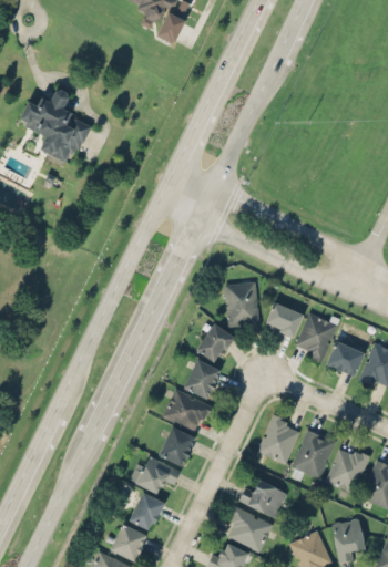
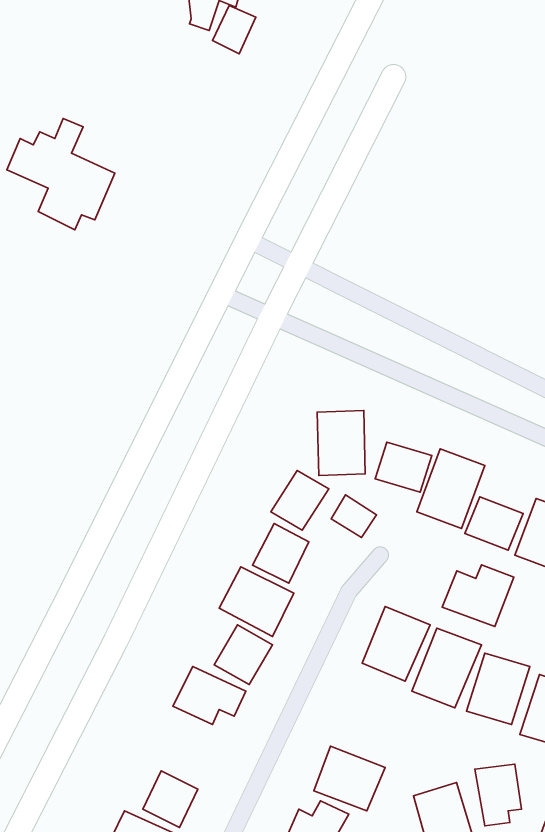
building: none -> [331,495,377,537]
building: none -> [442,565,514,626]
building: [241,481,287,517] -> none
building: [130,492,164,530] -> none

